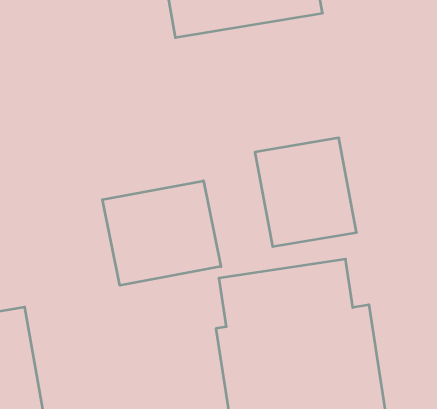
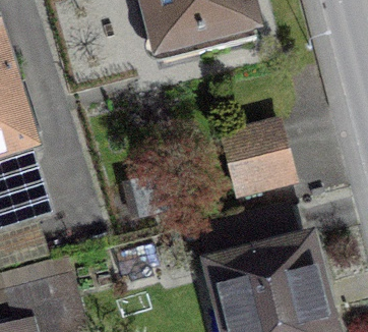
building: [102,181,221,285] -> none

